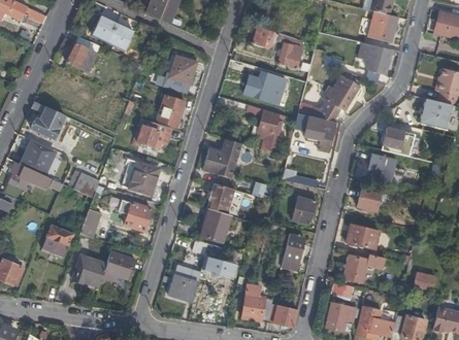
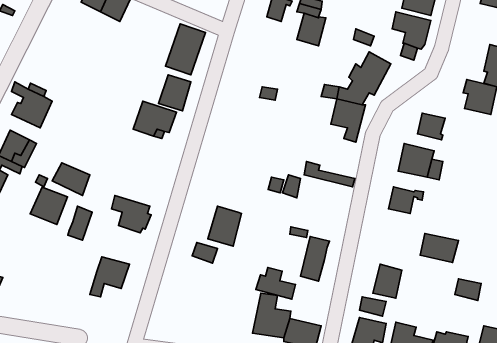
building: [67,36,102,74] -> none
building: [243,70,286,105] -> none
building: [260,109,286,152] -> none
building: [204,138,242,177] -> none
building: [130,161,160,194] -> none
building: [208,181,234,212] -> none
building: [292,196,315,225] -> none
building: [42,225,74,257] -> [30,187,68,225]
building: [345,226,378,250] -> [420,233,459,262]
building: [203,251,237,278] -> [256,268,295,299]
building: [73,256,106,285] -> none
building: [168,274,198,302] -> none

